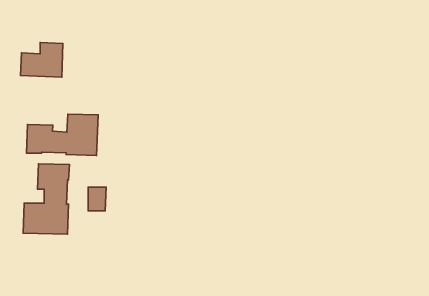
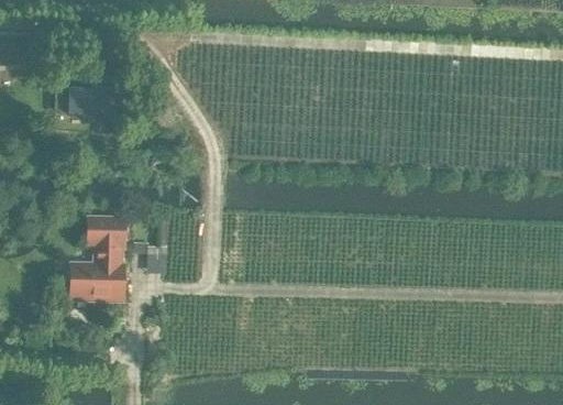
building: [26,114,98,155] -> none

